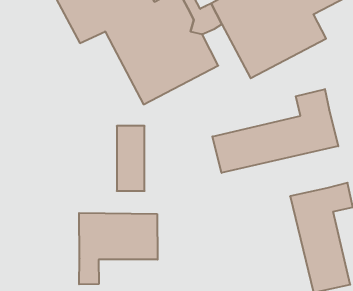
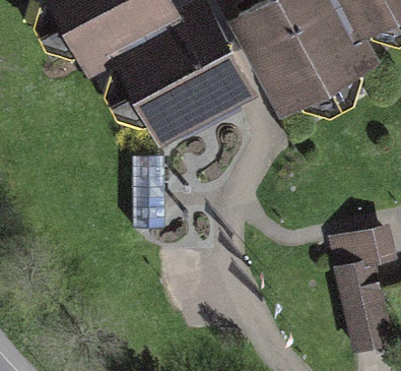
building: [212,89,338,173] -> none
building: [79,213,158,284] -> none

